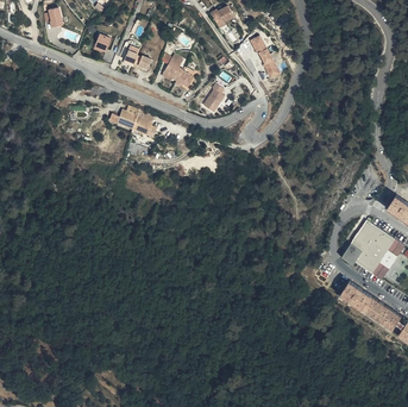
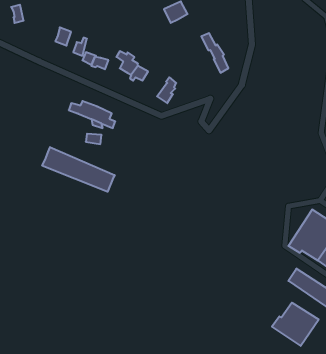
building: none -> [42,147,115,192]
building: none -> [272,303,319,346]

